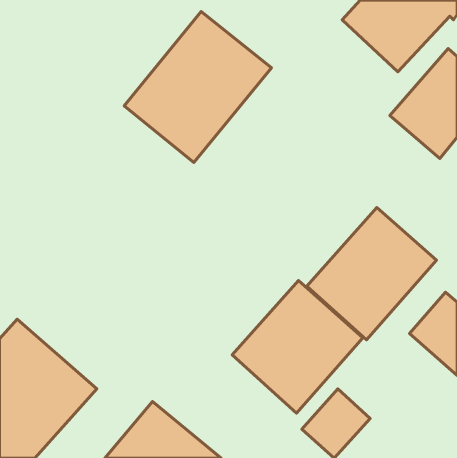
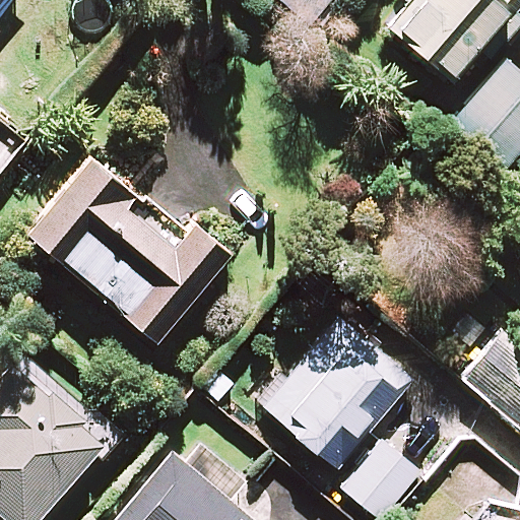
building: [124,11,272,163] -> none
building: none -> [29,159,234,342]
building: [307,207,436,340] -> none

